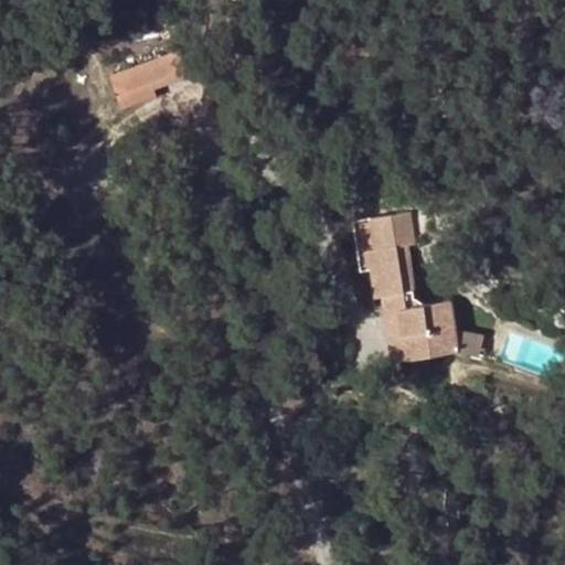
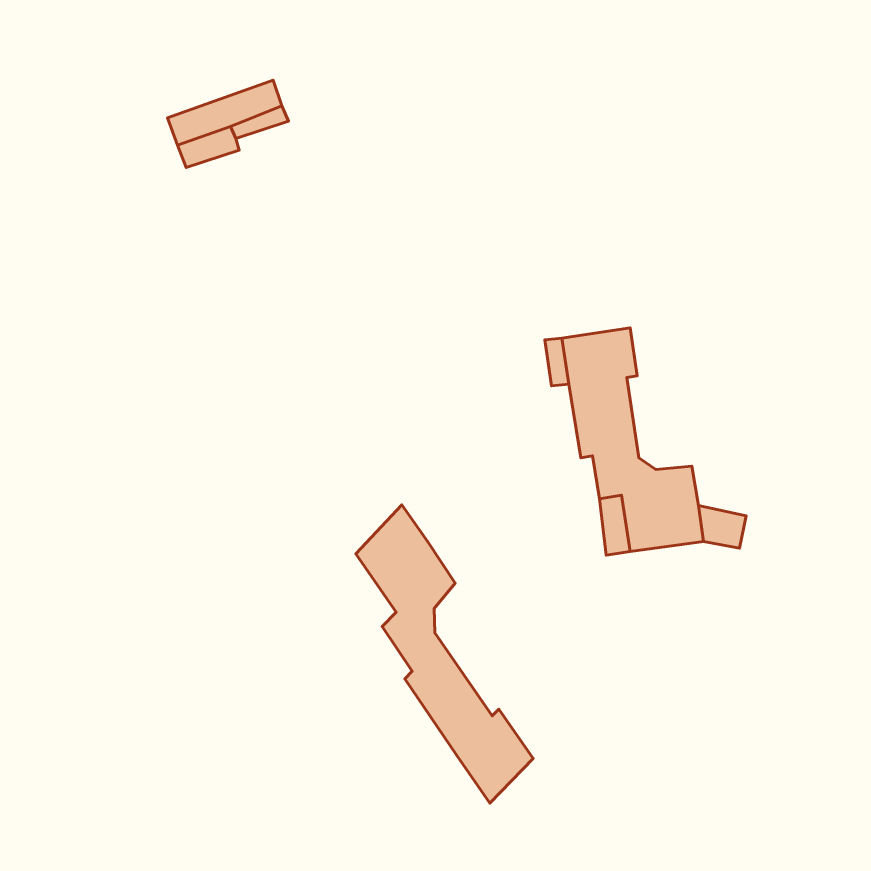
building: none -> [356,505,533,803]

